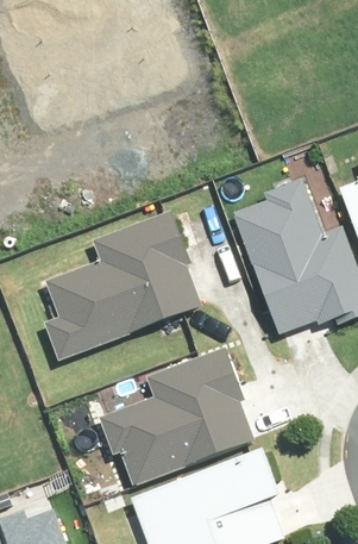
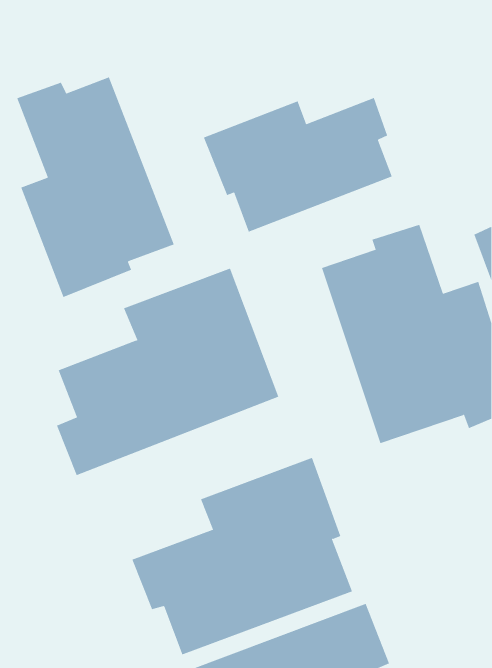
building: none -> [16,76,175,298]
building: none -> [203,97,393,233]

